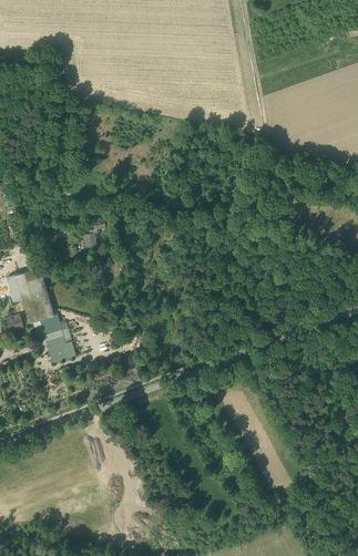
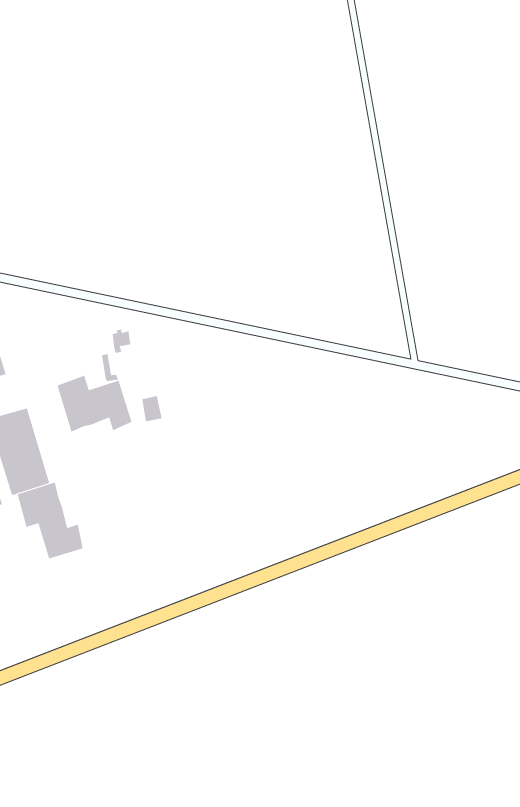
building: none -> [57,375,132,432]

